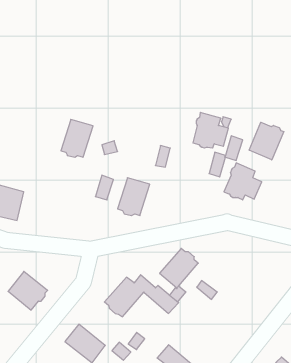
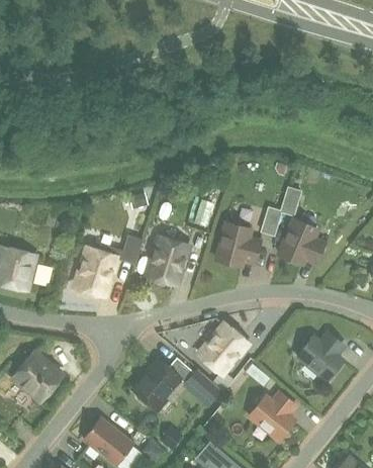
building: [193,112,228,148] -> [216,222,260,266]
building: [61,119,93,157] -> [76,249,115,295]
building: [249,122,284,160] -> none
building: none -> [297,333,345,380]
building: none -> [249,392,297,440]

